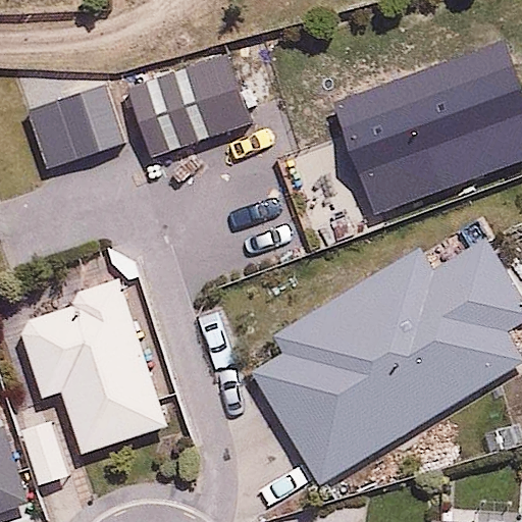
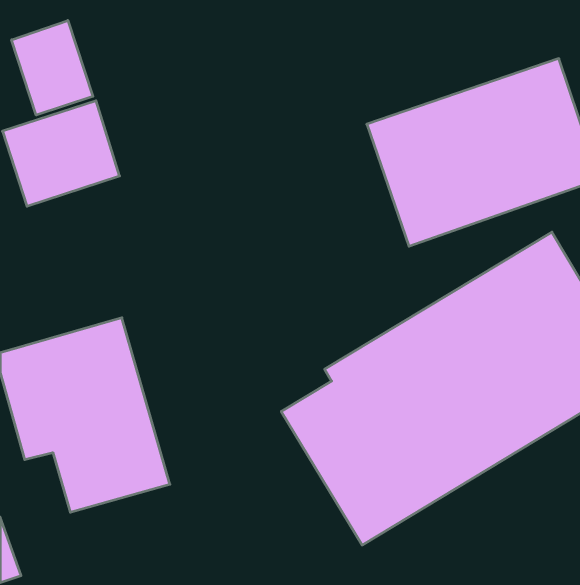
building: none -> [12,20,93,115]
building: [129,62,241,160] -> none

